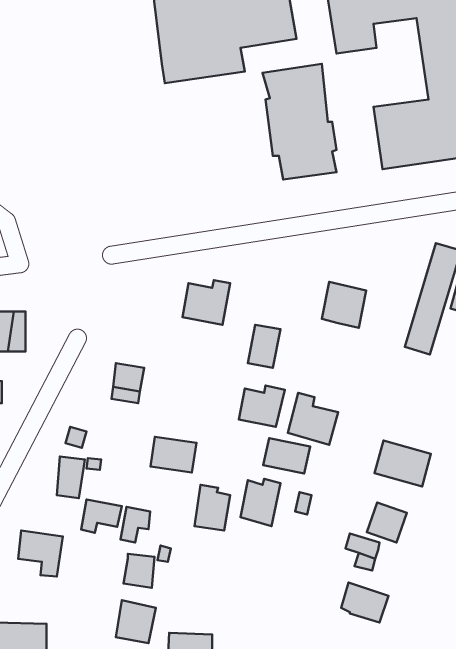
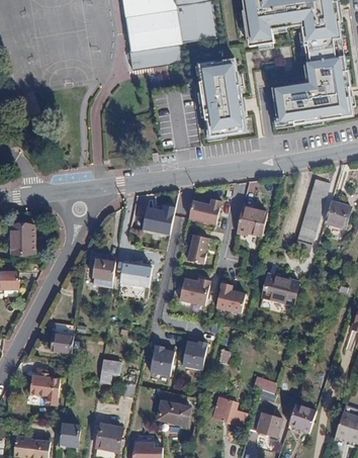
building: none -> [188,198,221,224]
building: [151,437,196,472] -> [119,263,151,287]
building: [263,438,310,473] -> none
building: [375,441,431,486] -> [261,274,299,305]
building: [81,500,122,533] -> none
building: [367,502,407,542] -> [288,404,316,432]
building: [124,554,155,588] -> [59,424,80,447]
building: none -> [212,397,245,427]
building: none -> [157,400,190,426]

